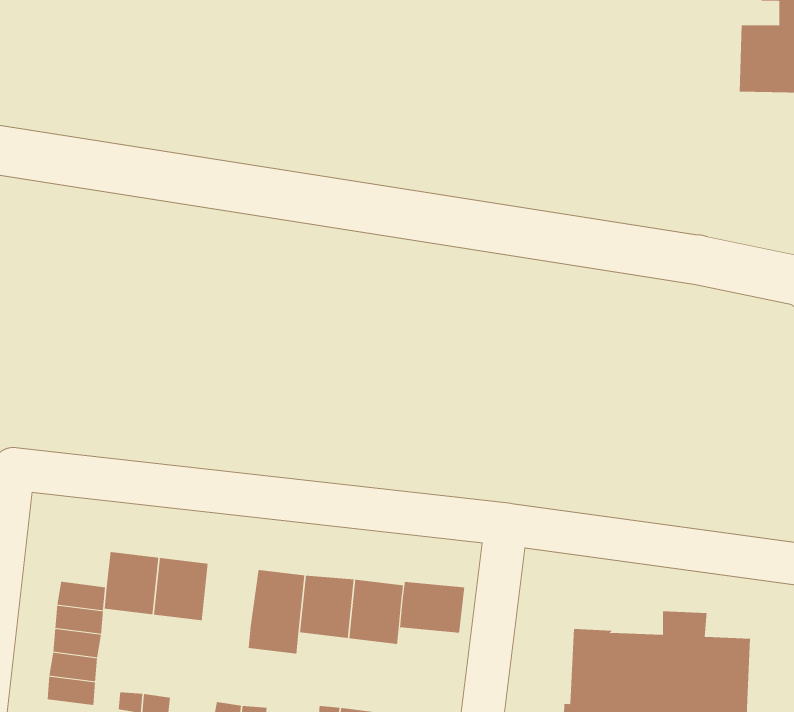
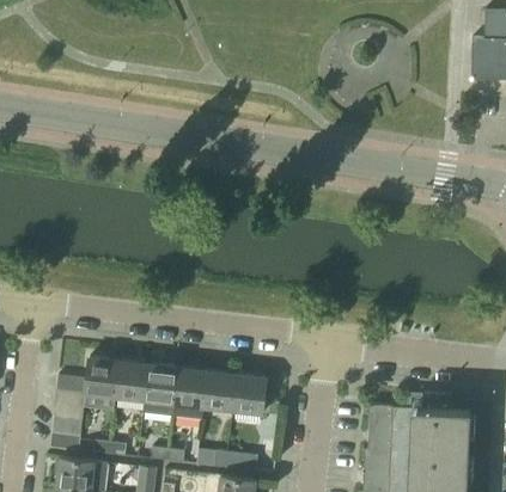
building: none -> [142,364,178,416]
building: [399,581,465,634] -> none

